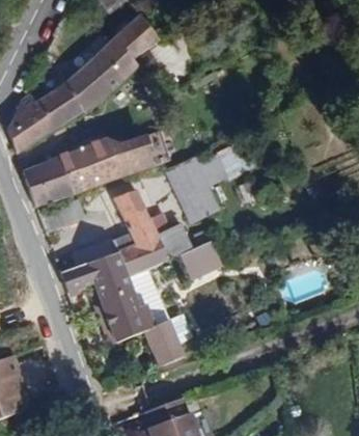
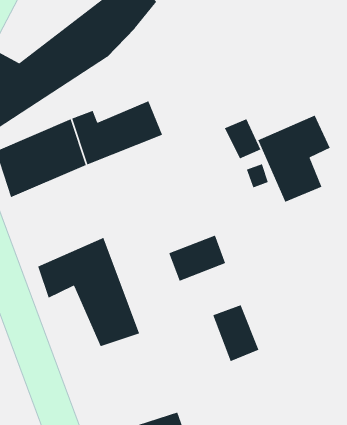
building: [166,148,229,224] -> [257,114,331,203]
building: [116,187,171,277] -> none
building: [147,318,188,367] -> [212,304,259,362]

